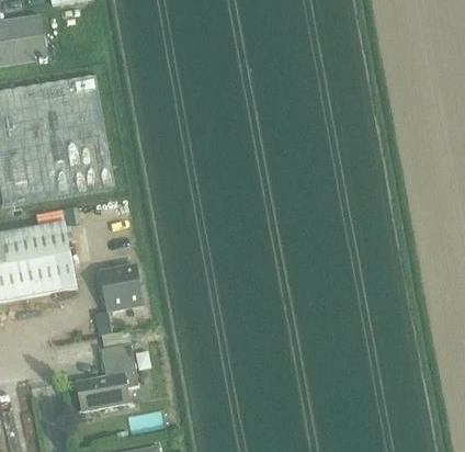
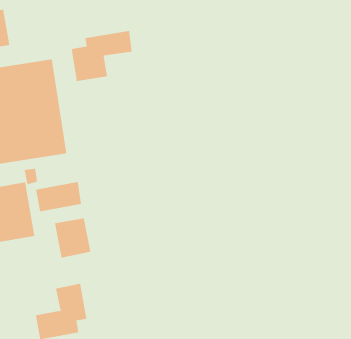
building: none -> [71,30,132,82]
building: none -> [36,181,81,212]

